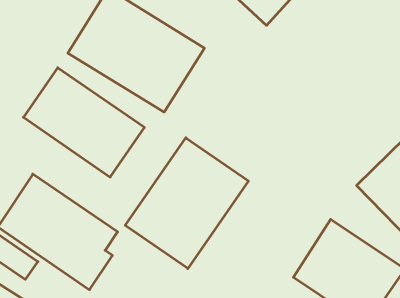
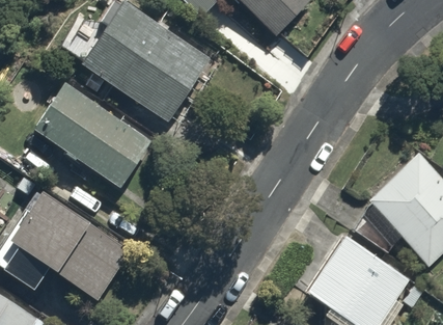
building: [125,138,248,269] -> none

